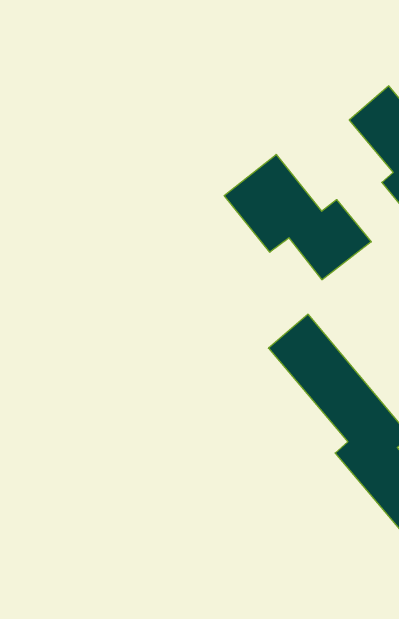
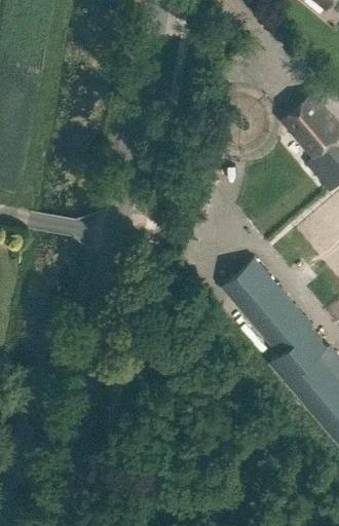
building: [224,154,371,280] -> none

